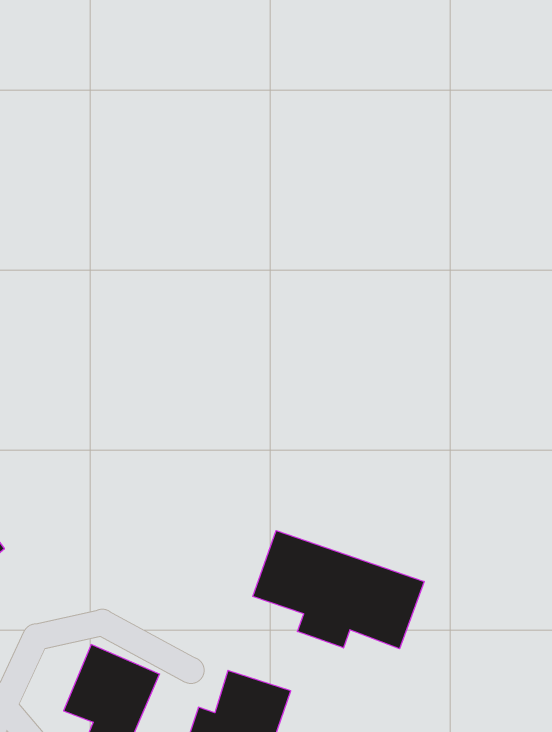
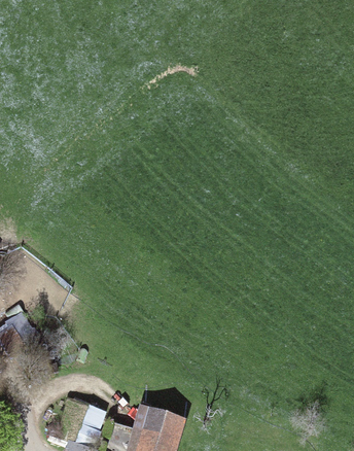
building: [253,531,424,649] -> none

